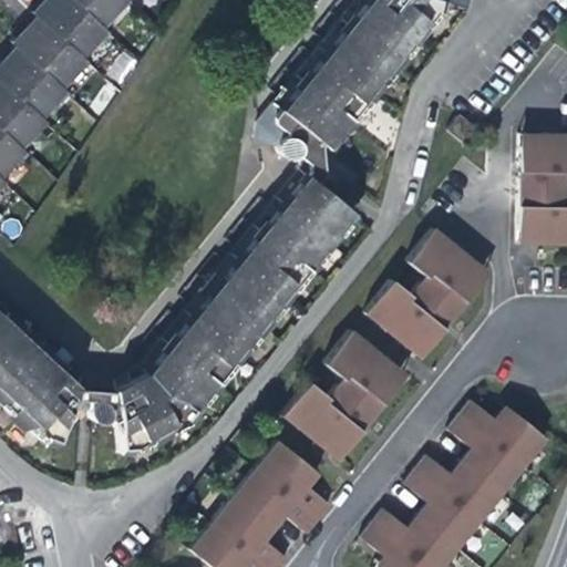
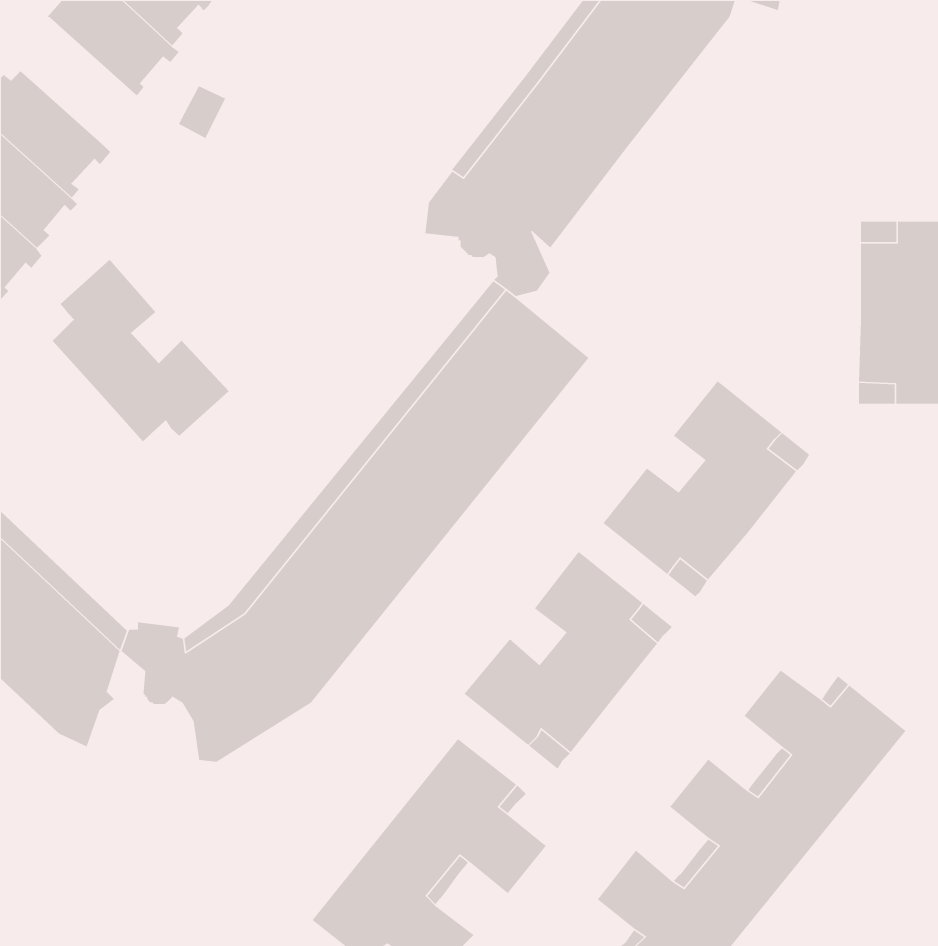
building: [12,12,92,89] -> none
building: none -> [52,259,229,442]

